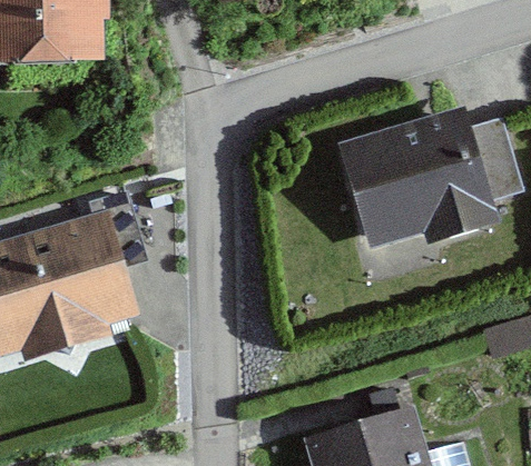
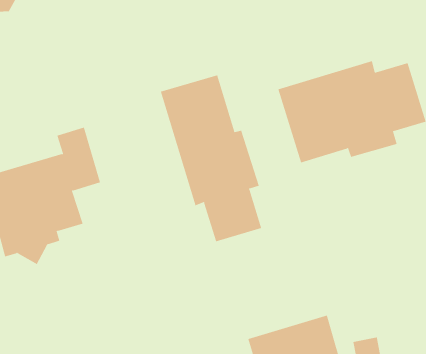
building: none -> [160,74,262,242]

